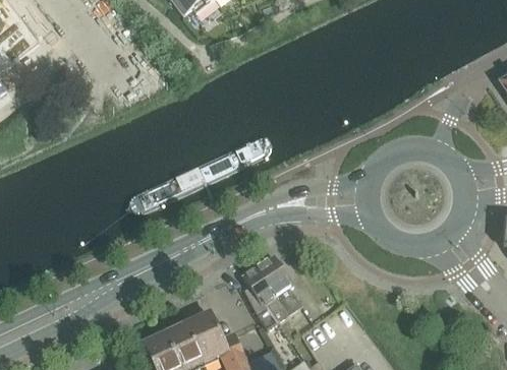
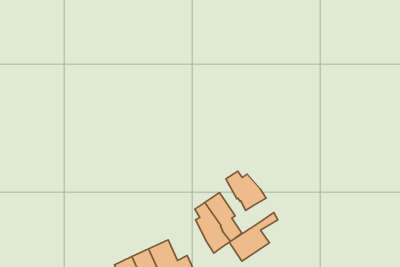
building: none -> [226,171,266,211]
building: none -> [229,213,278,261]

